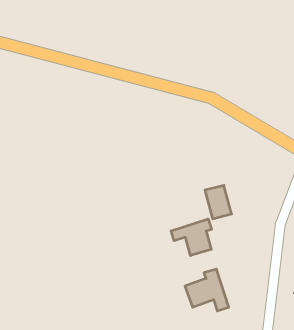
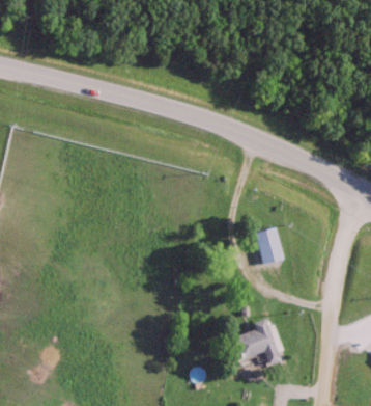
building: [171,219,212,256] -> none

